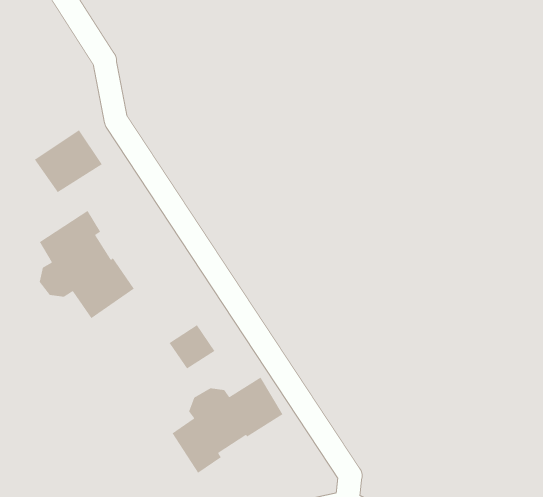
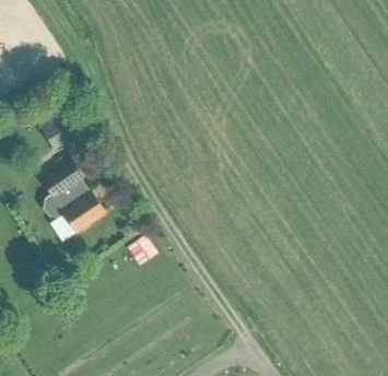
building: [171,377,284,474] -> none

